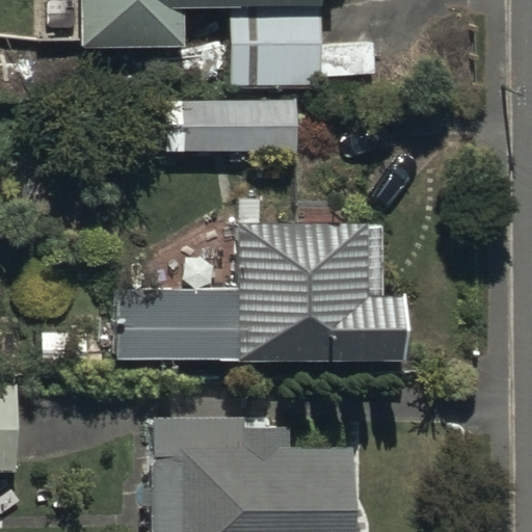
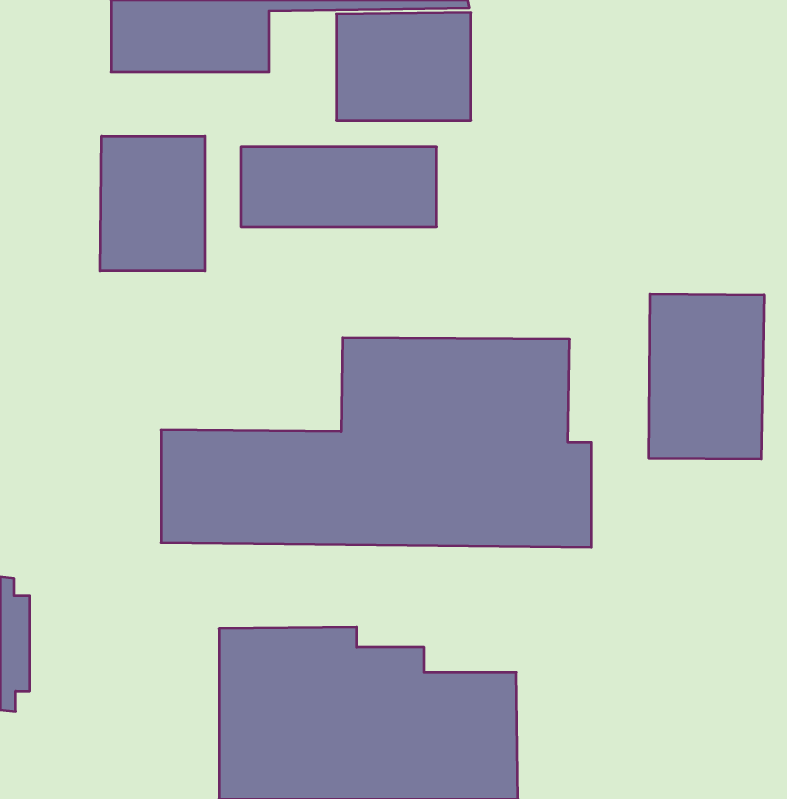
building: none -> [100,136,205,271]
building: none -> [649,294,764,459]

